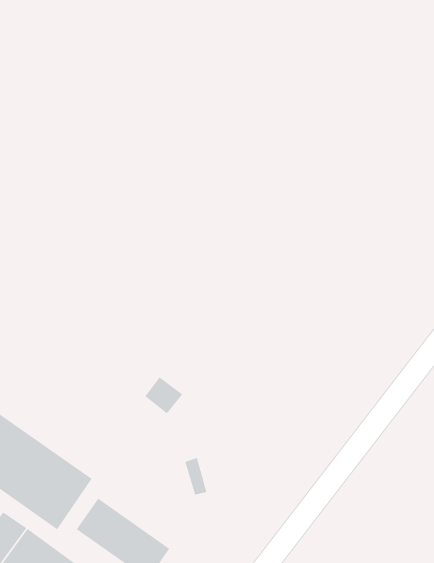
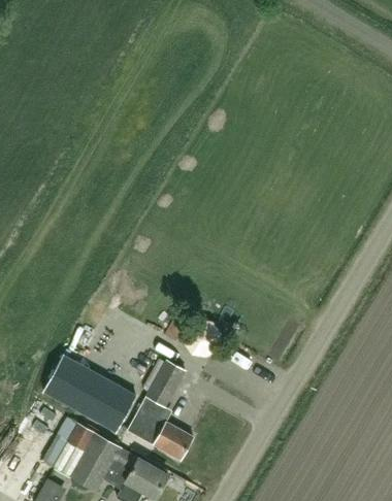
building: none -> [145,361,184,407]

